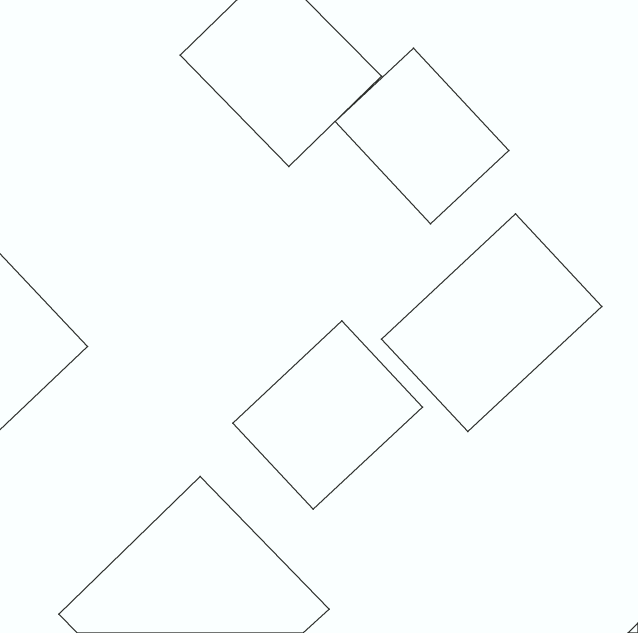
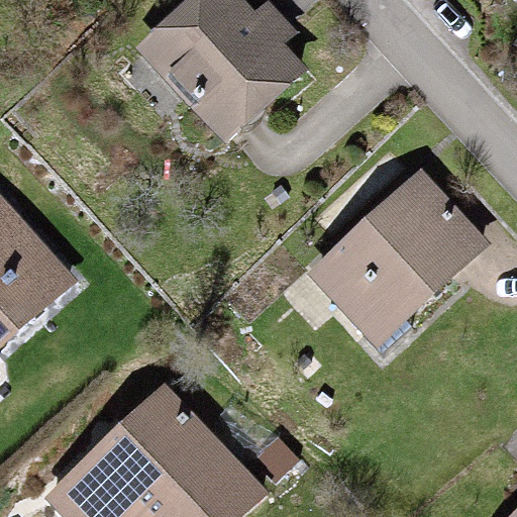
building: [335,48,509,224] -> none
building: [233,321,423,509] -> none

